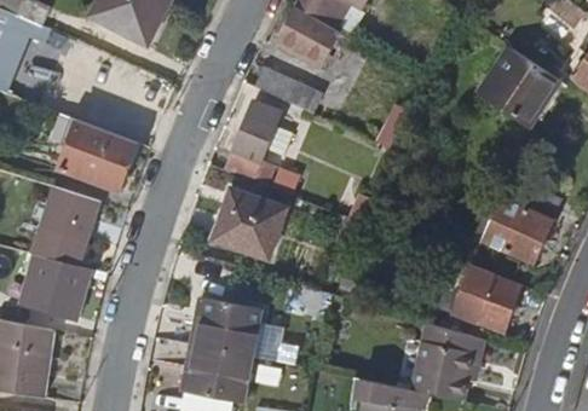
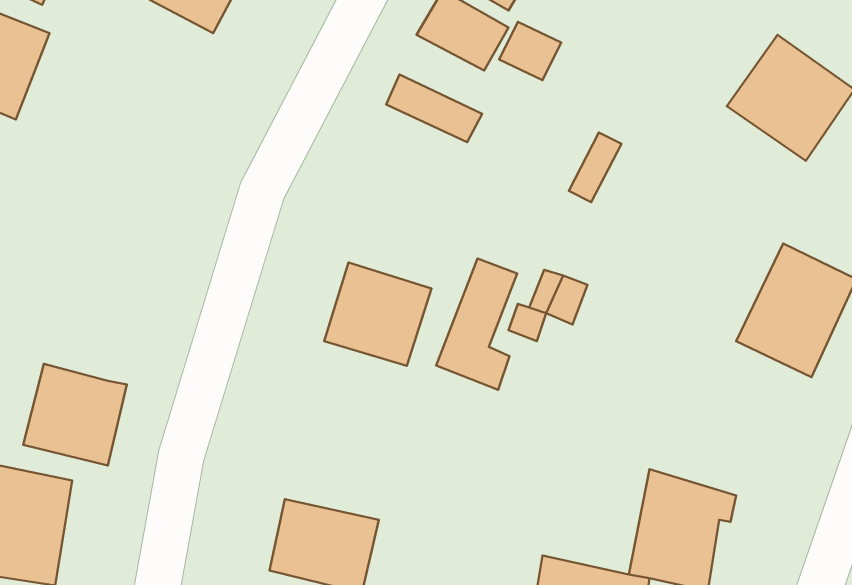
building: [226,103,278,187] -> [436,258,517,390]
building: [60,121,137,191] -> none
building: [34,187,98,266] -> none
building: [430,262,519,334] -> none
building: [191,296,263,355] -> none

